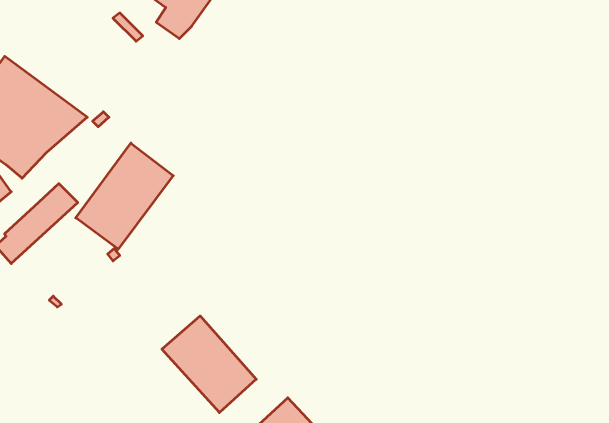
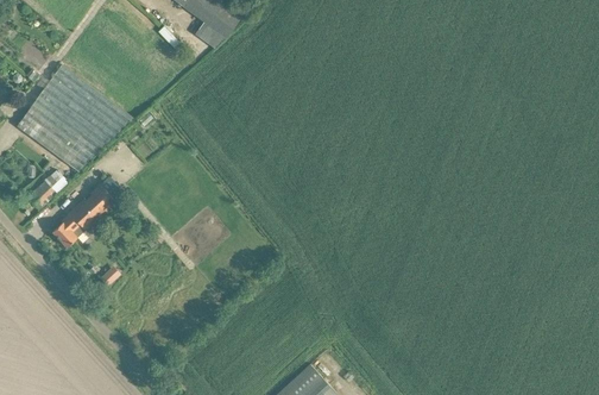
building: [76,143,173,249] -> none
building: [162,316,256,413] -> none

